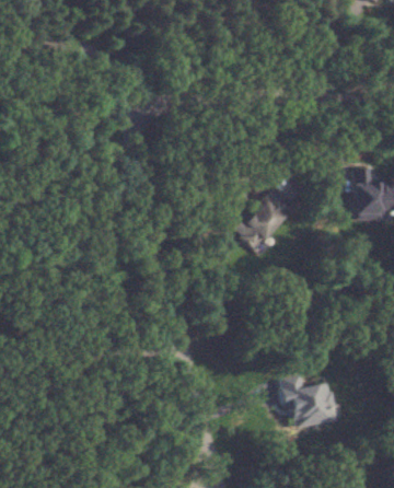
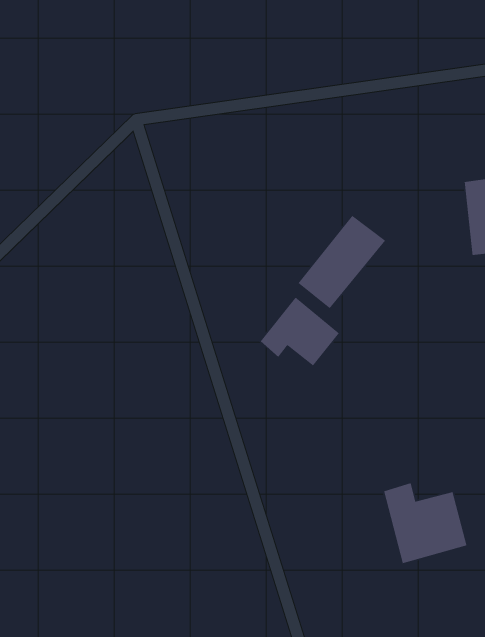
building: none -> [260,296,340,367]

